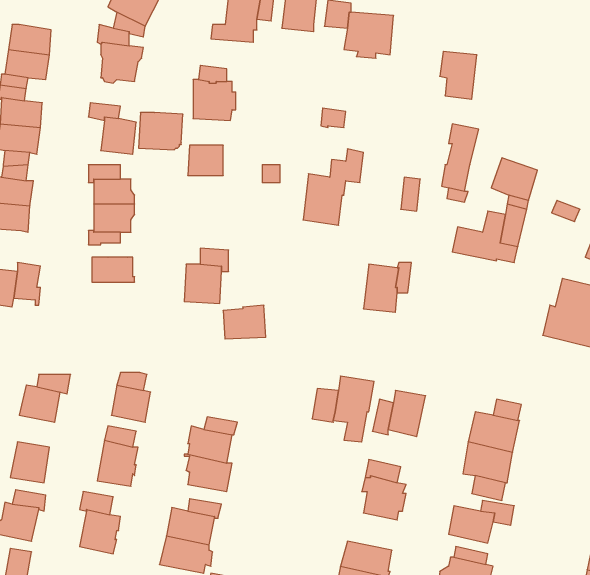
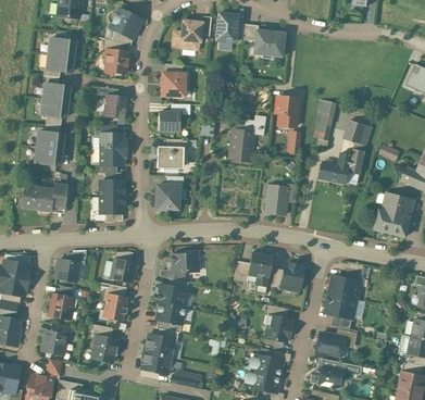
building: [440,51,477,99] -> [275,98,298,127]
building: [139,113,183,150] -> [157,147,184,170]
building: none -> [99,197,125,214]
building: [223,305,266,339] -> [172,252,198,273]

